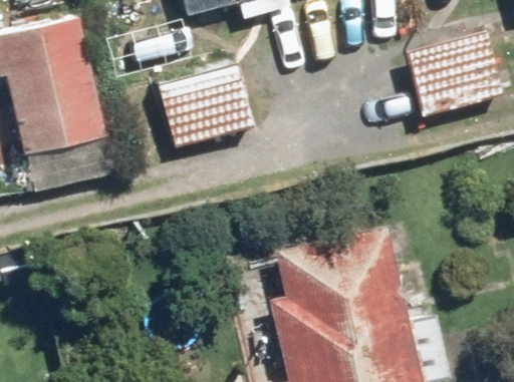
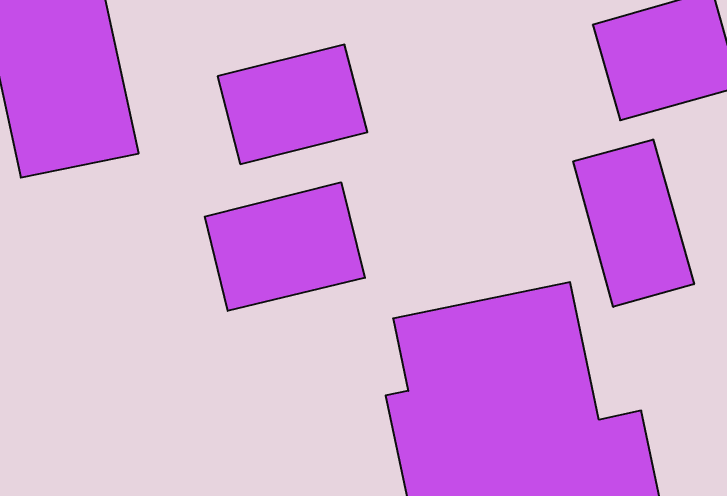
building: none -> [573,139,694,307]
building: none -> [205,182,365,311]

